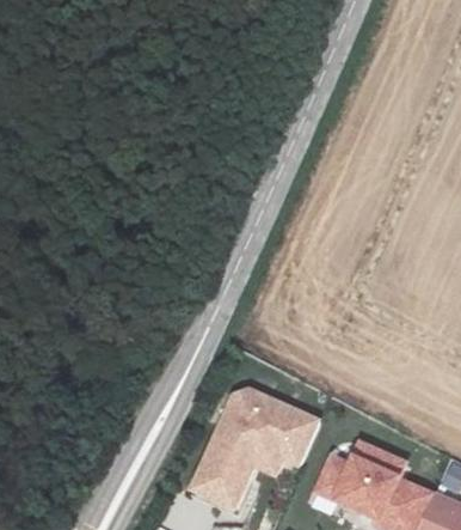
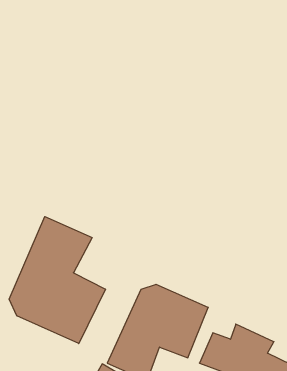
building: none -> [9,217,105,344]

